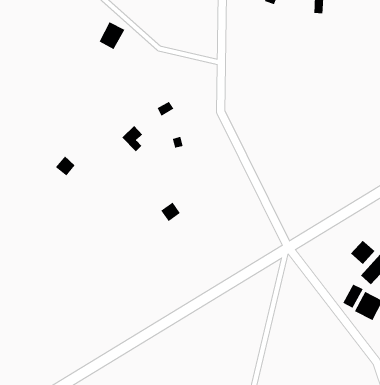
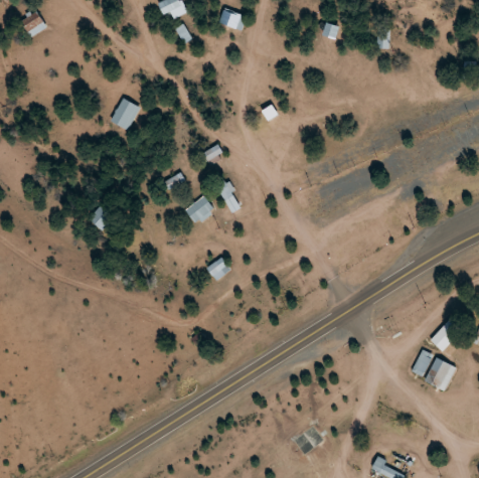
building: [98,21,125,50] -> [110,97,140,129]
building: none -> [184,195,214,224]
building: [350,240,375,265] -> none

